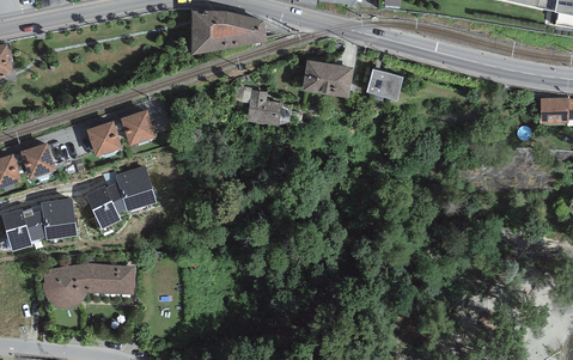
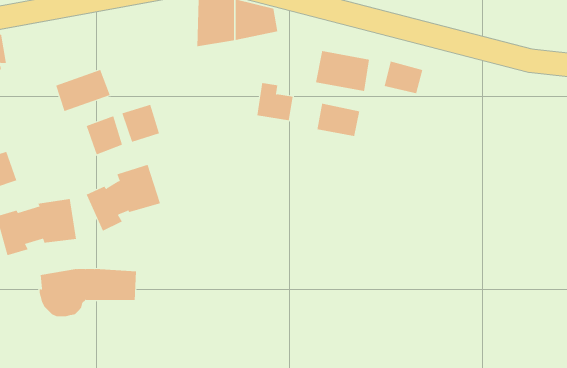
building: none -> [55,69,110,112]
building: none -> [317,103,360,137]
building: [20,142,55,178] -> none

